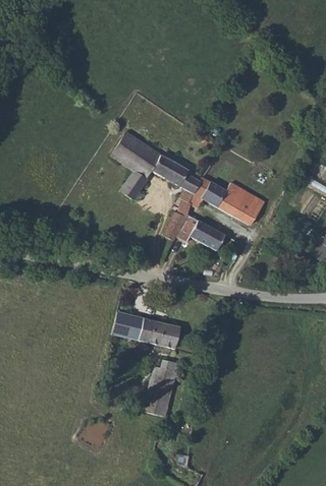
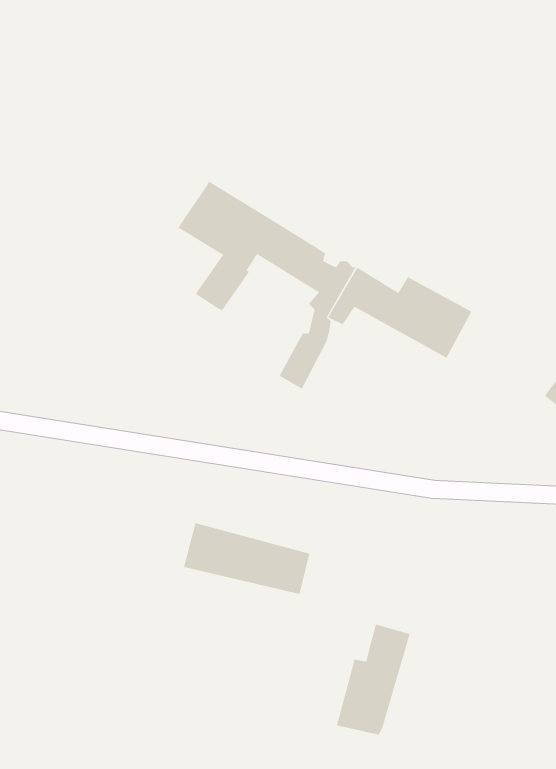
building: [177,216,224,250] -> none
building: [143,358,181,416] -> [336,624,410,735]

